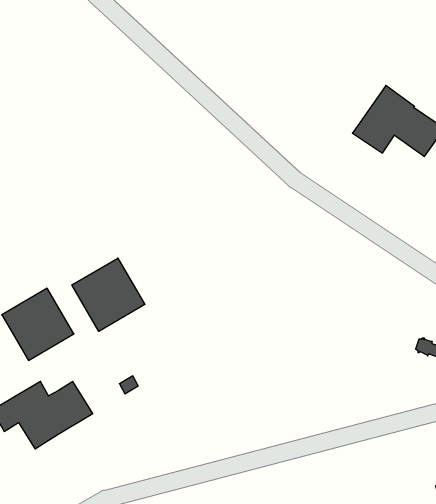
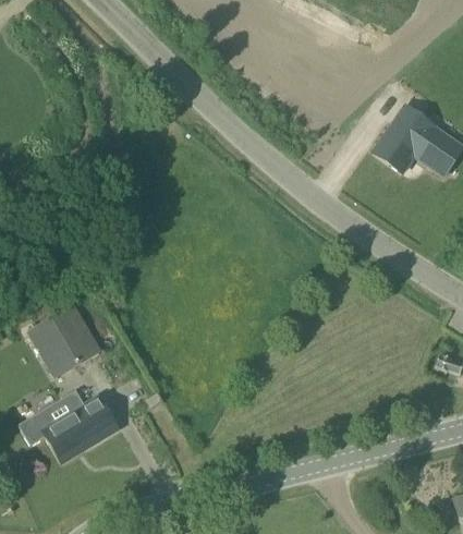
building: [72,258,145,331] -> none

